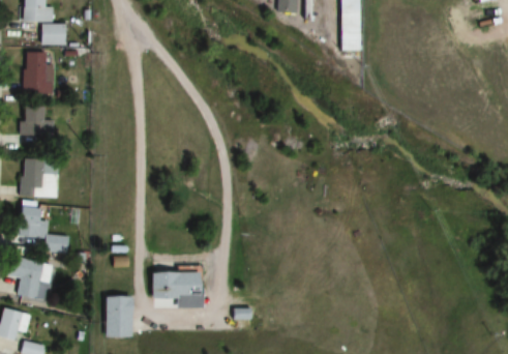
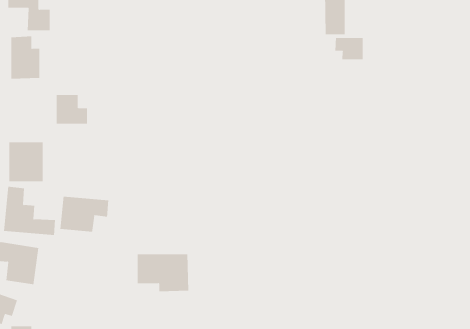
building: none -> [335,37,363,60]
building: [22,106,54,136] -> [56,94,88,124]
building: none -> [60,196,109,233]
building: [107,296,132,337] -> none

